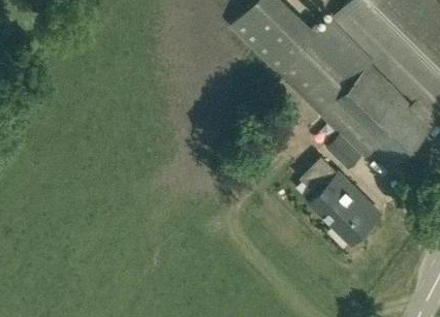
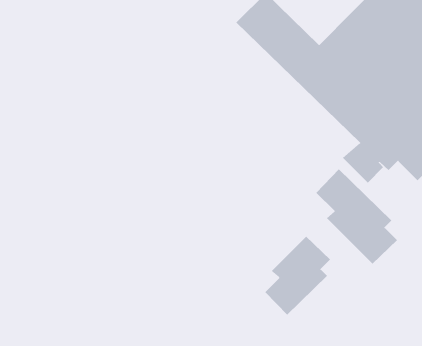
building: none -> [265,236,331,315]

